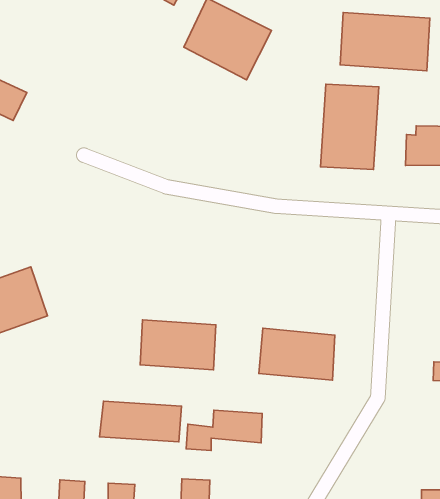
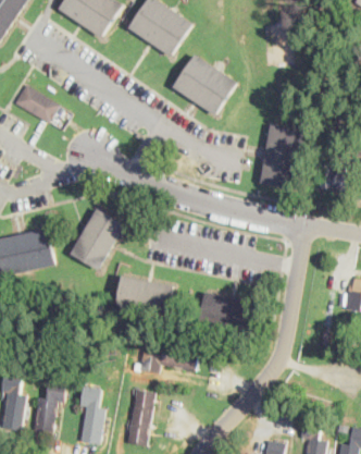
building: [340,13,430,71] -> none
building: none -> [71,209,123,270]
building: [99,401,181,442] -> none

